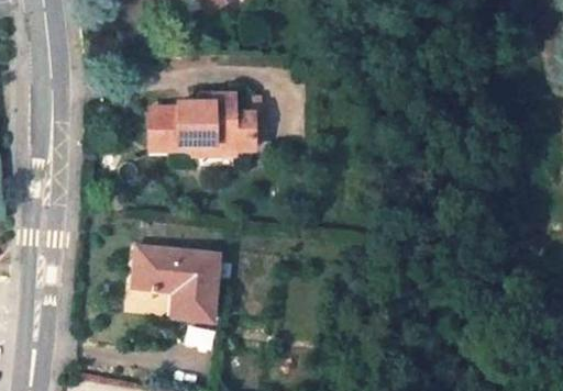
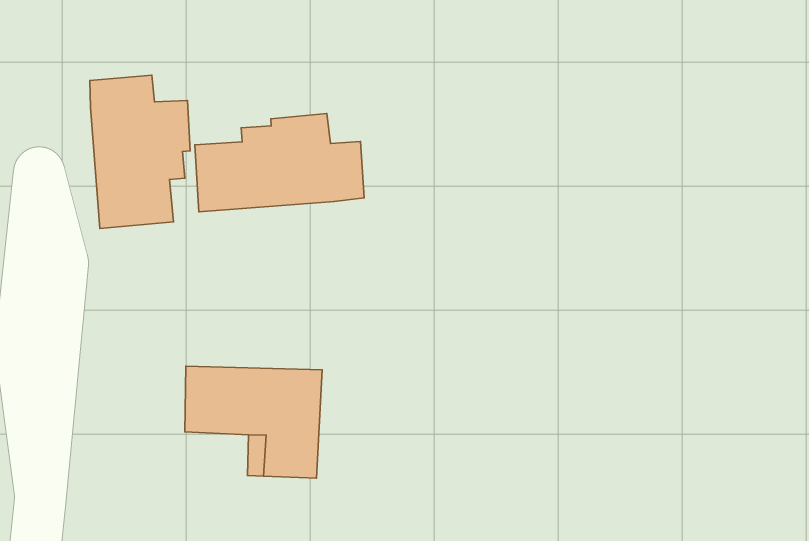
building: none -> [90,75,190,228]

